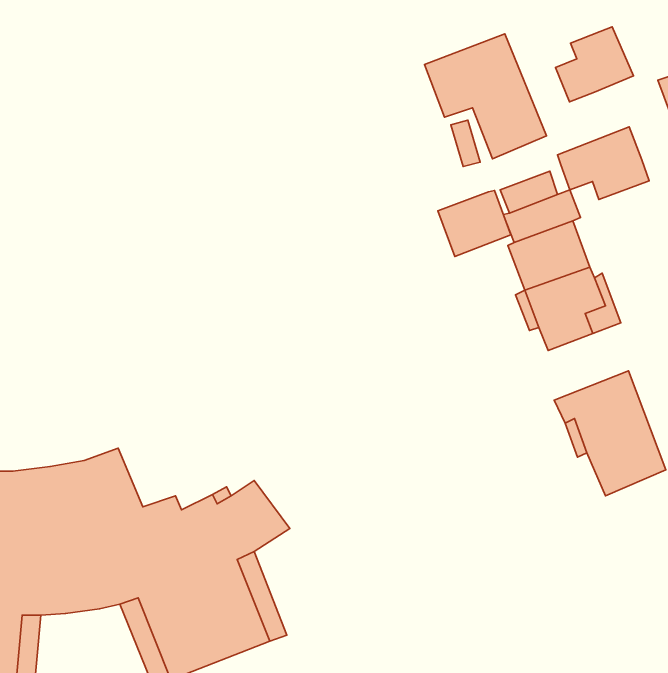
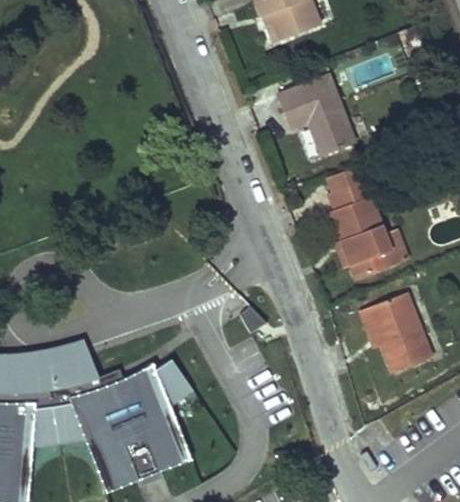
building: [556,27,634,102] -> none
building: [558,127,649,200] -> none
building: [438,190,511,256] -> none

